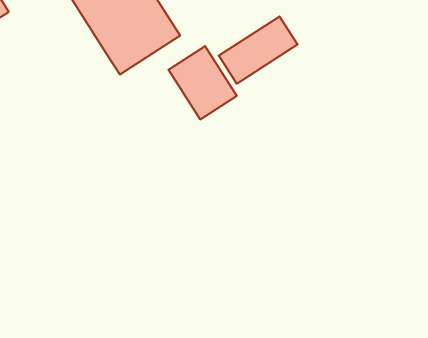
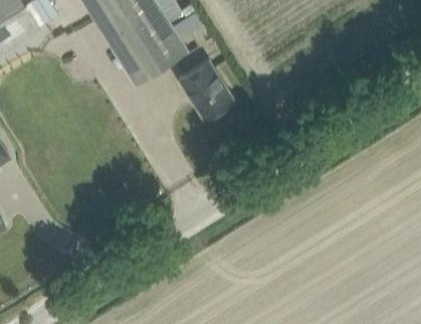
building: [219,16,298,84] -> none

